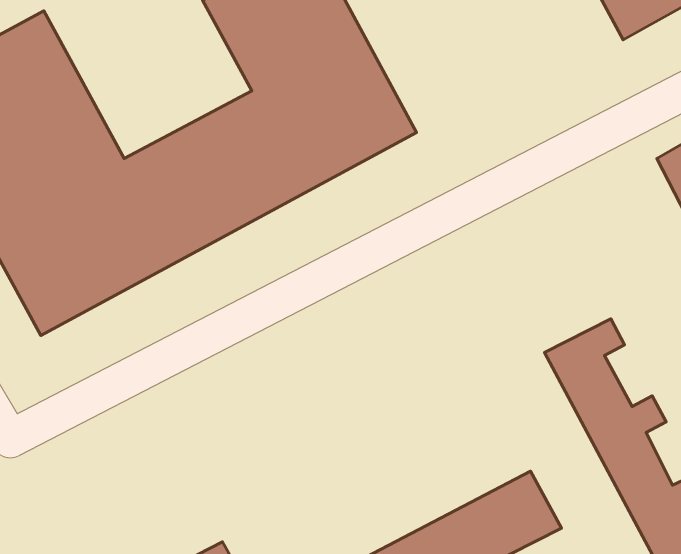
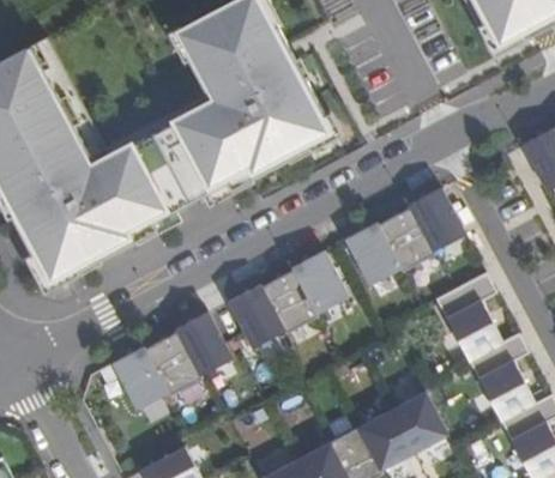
building: none -> [345,190,466,288]
building: none -> [229,253,350,349]
building: none -> [113,314,234,411]

